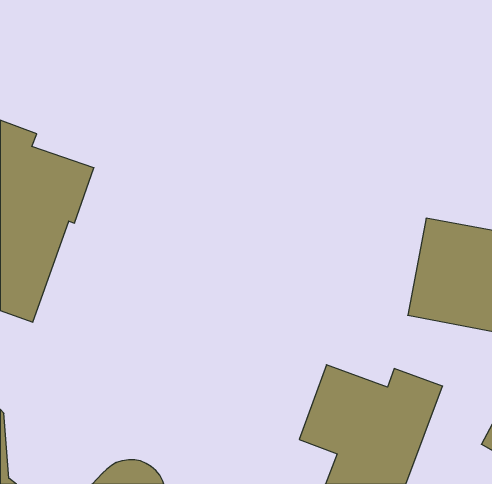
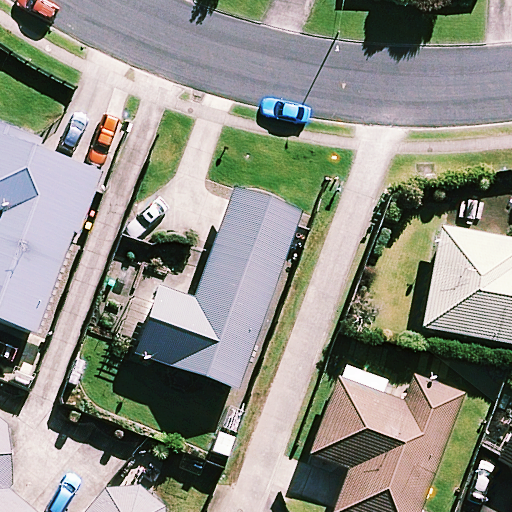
building: none -> [137,190,300,390]

